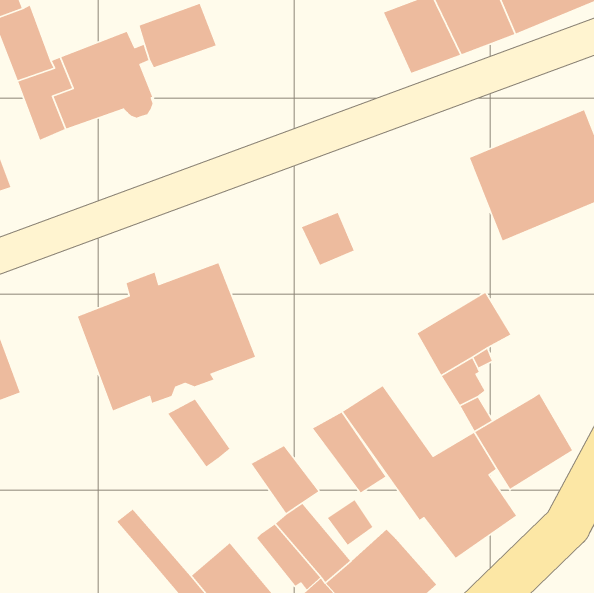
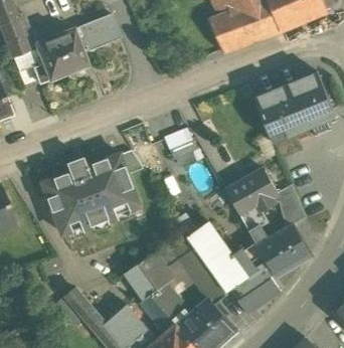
building: none -> [278,186,305,226]
building: [167,398,231,468] -> [122,263,156,300]
building: none -> [196,270,227,303]

